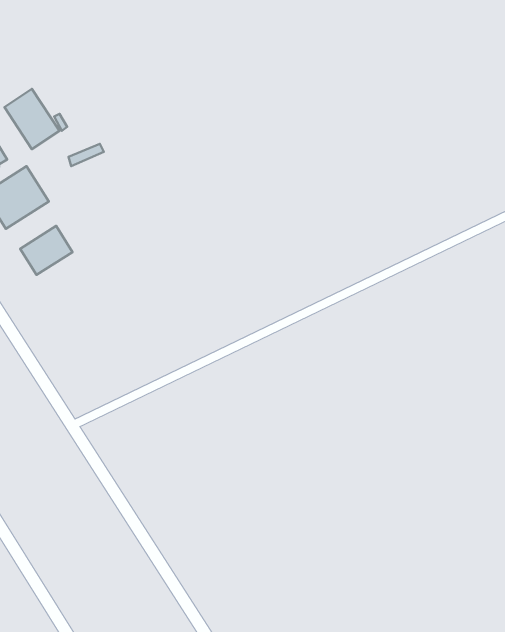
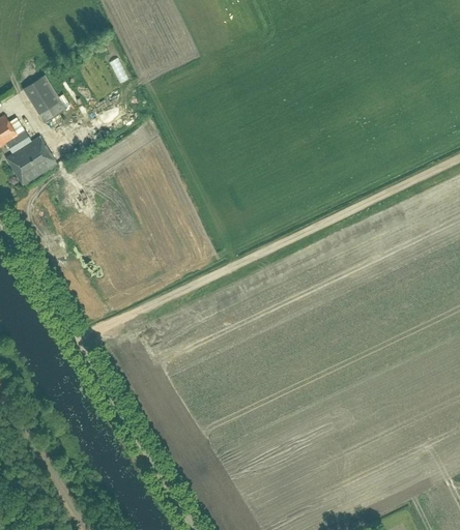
building: [20,226,73,275] -> none

